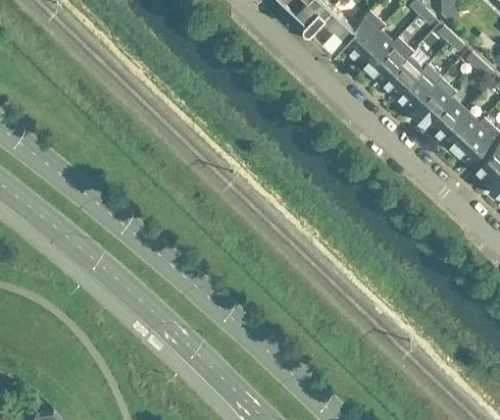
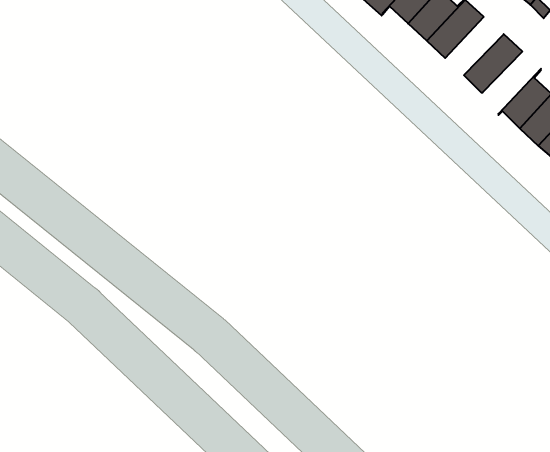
building: [384,52,429,97] -> none
building: [409,78,457,126] -> none

